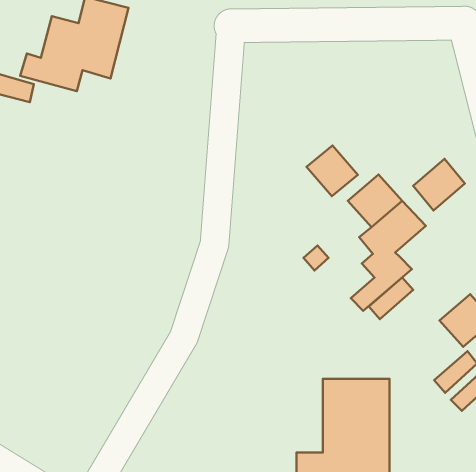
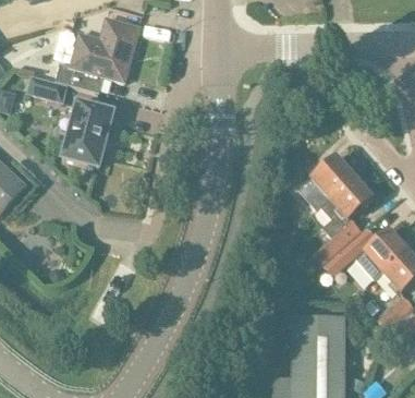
building: none -> [62,100,113,167]
building: [307,145,358,196] -> none
building: [413,159,465,211] -> none
building: none -> [357,229,407,278]

